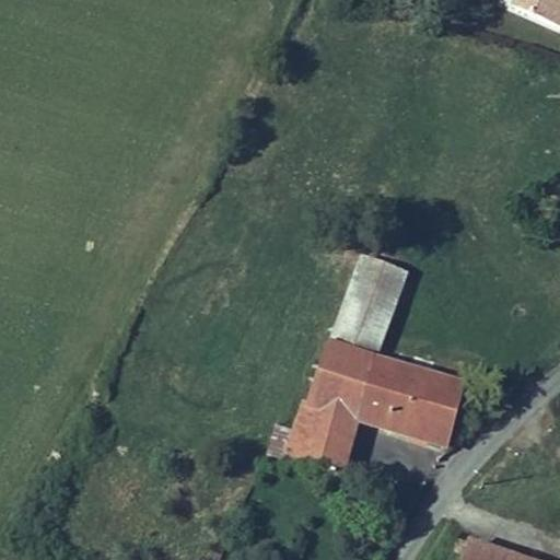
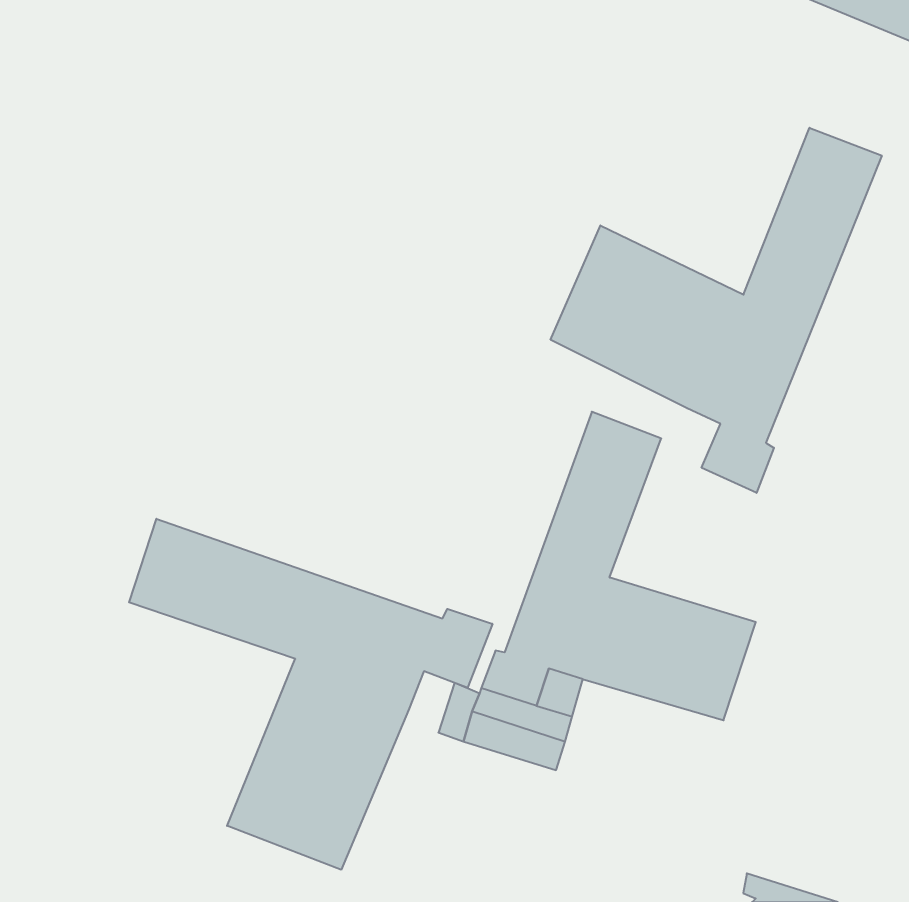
building: none -> [551,128,882,493]
building: none -> [129,519,492,870]

